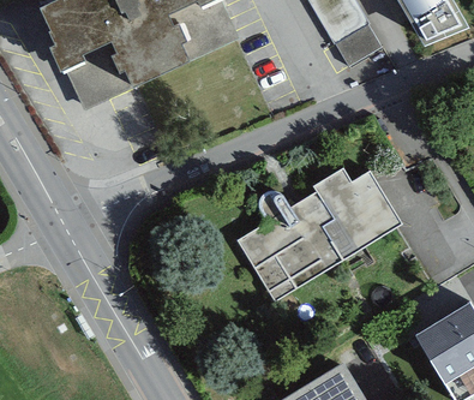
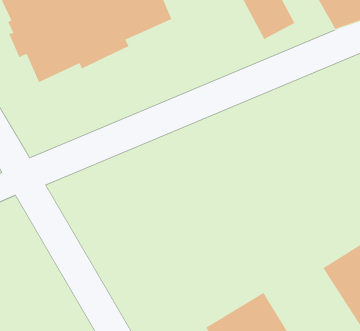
building: [236,160,401,293] -> none

